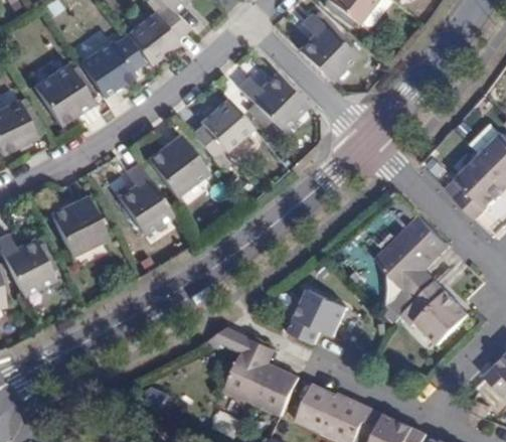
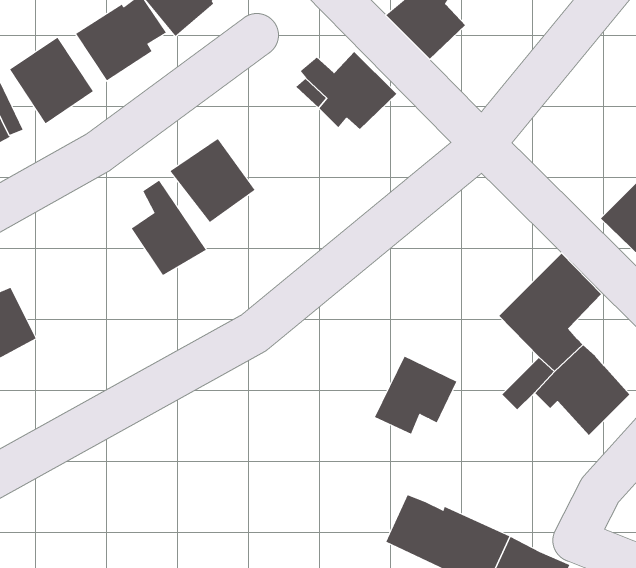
building: [191,100,251,157] -> none
building: [48,196,105,254] -> none
building: [212,325,299,416] -> none

